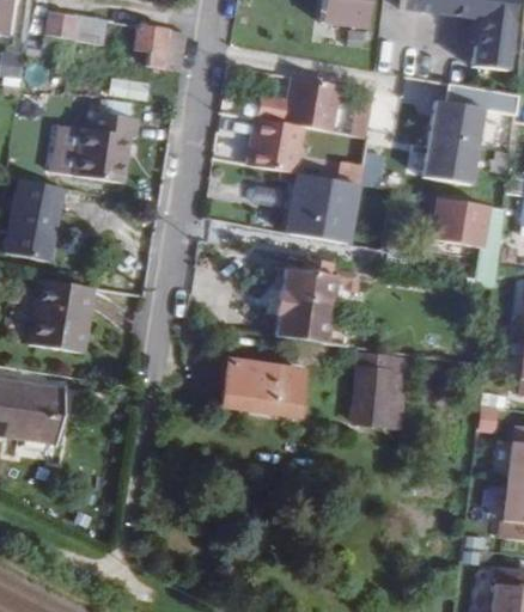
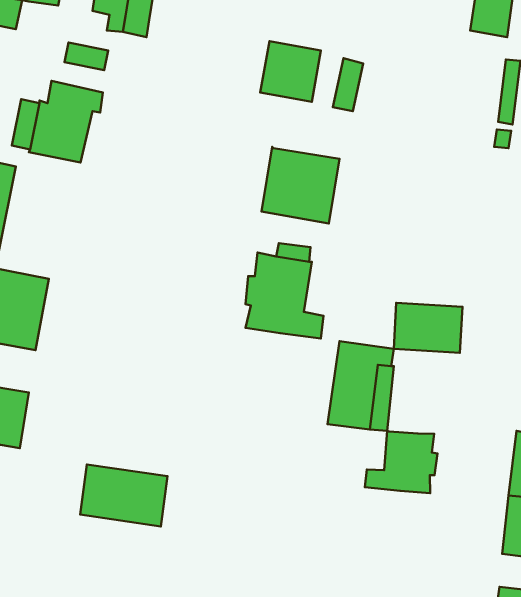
building: [422,96,483,183] -> none
building: [249,116,305,171] -> none
building: [435,201,498,246] -> [394,303,462,353]
building: [220,357,299,414] -> [80,464,167,526]
building: none -> [365,431,438,493]

